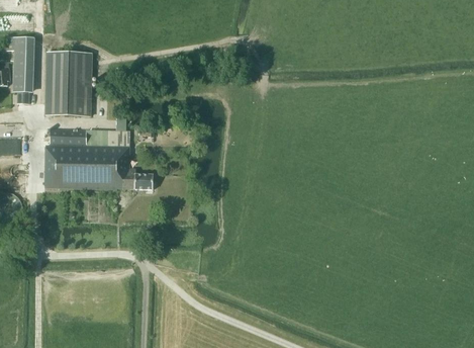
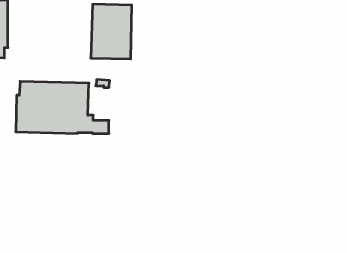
building: [44,51,92,114] -> [91,4,132,59]

